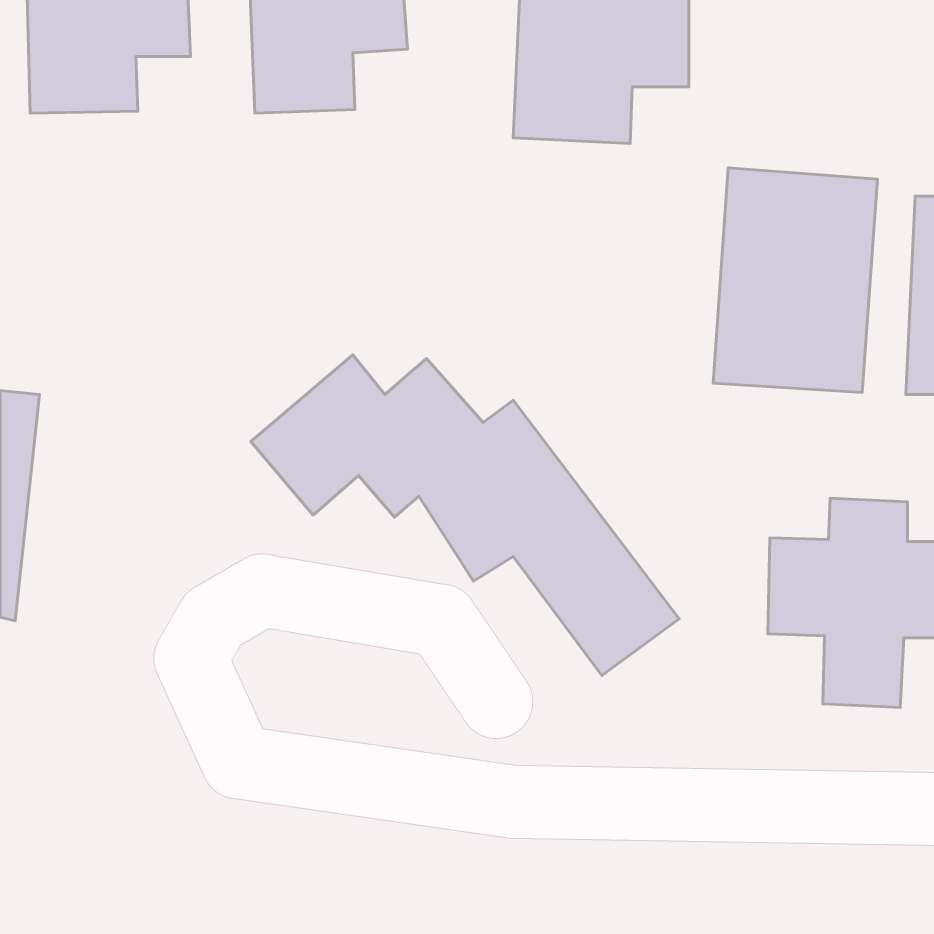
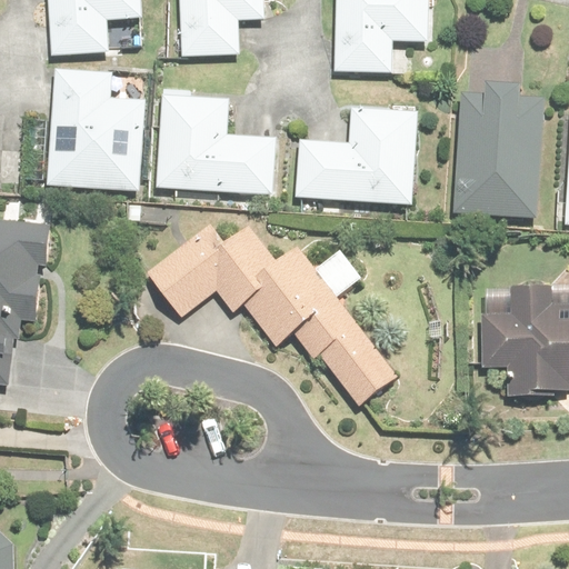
building: none -> [32,76,137,202]
building: none -> [144,102,266,202]
building: none -> [280,114,410,218]

